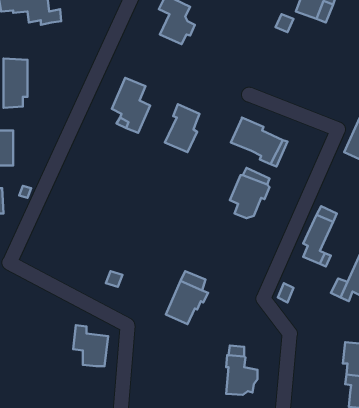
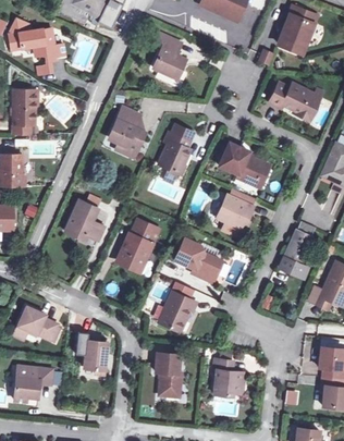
building: none -> [269,82,318,120]
building: none -> [65,200,103,240]
building: none -> [118,219,160,271]
building: none -> [174,237,222,280]
building: none -> [16,306,58,341]
building: none -> [155,352,181,395]
building: none -> [14,367,52,401]

